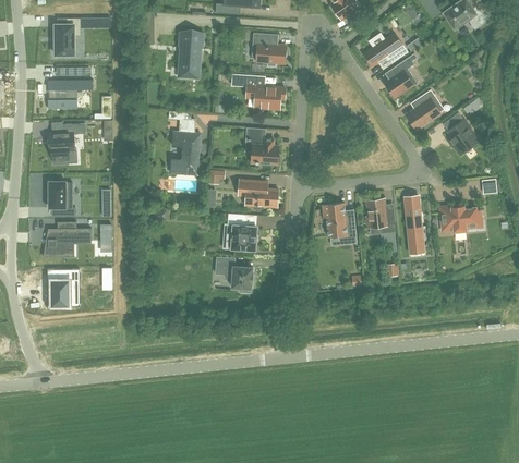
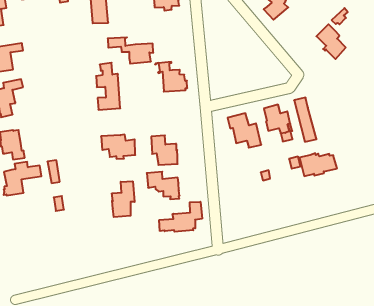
building: [231,74,285,109] -> [108,37,153,64]
building: [406,89,439,129] -> none
building: [238,179,278,209] -> [101,135,135,159]
building: [439,205,482,231] -> [300,153,337,176]
building: none -> [112,181,135,217]
building: [47,269,80,308] -> none
building: none -> [159,202,202,232]

